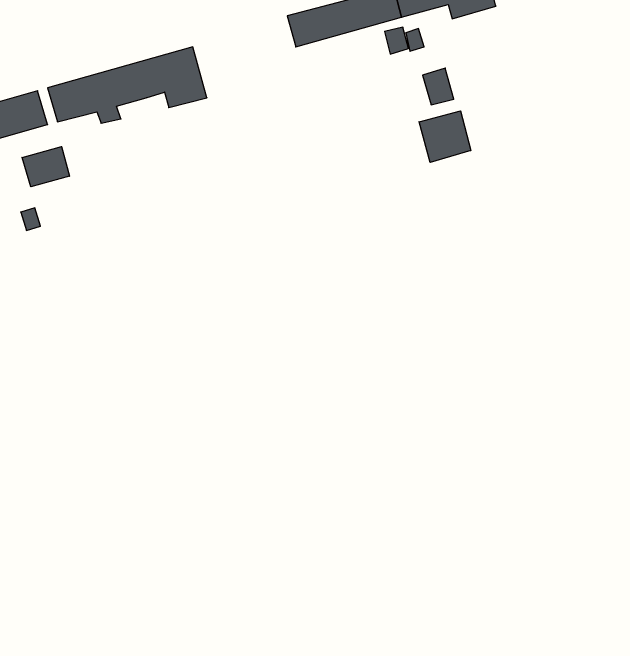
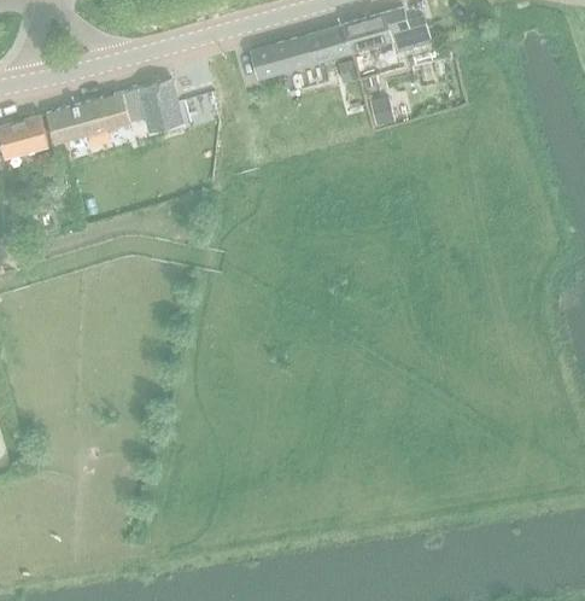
building: [419,111,471,162] -> none
building: [22,147,69,187] -> none

